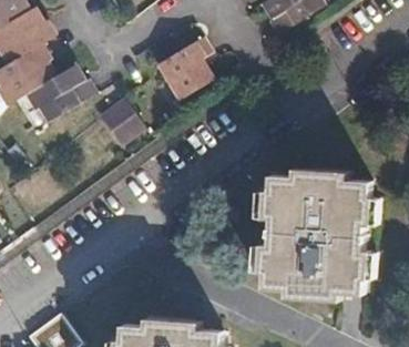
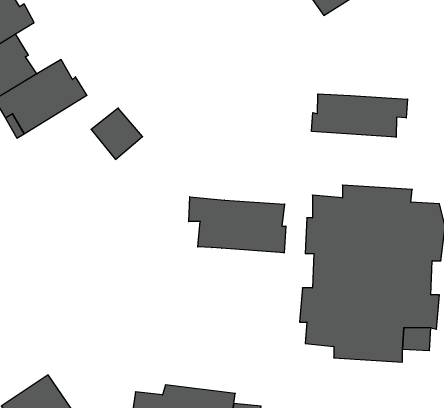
building: [152,38,207,100] -> none
building: none -> [312,94,408,137]
building: none -> [189,197,286,253]

